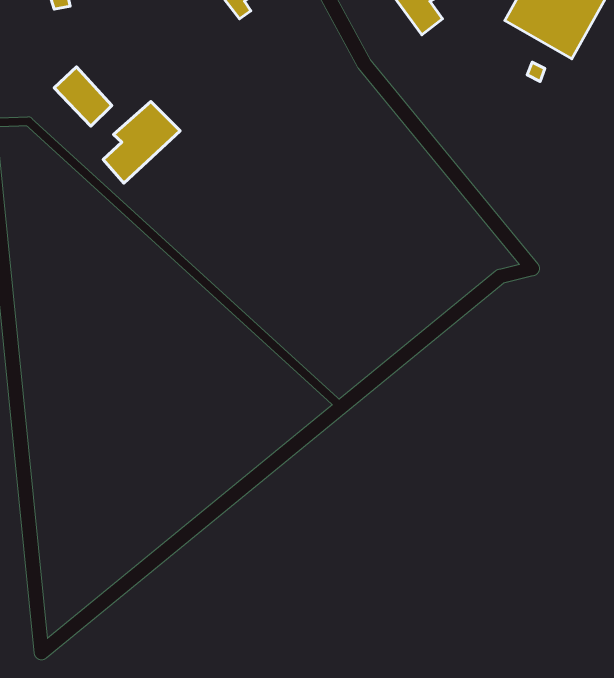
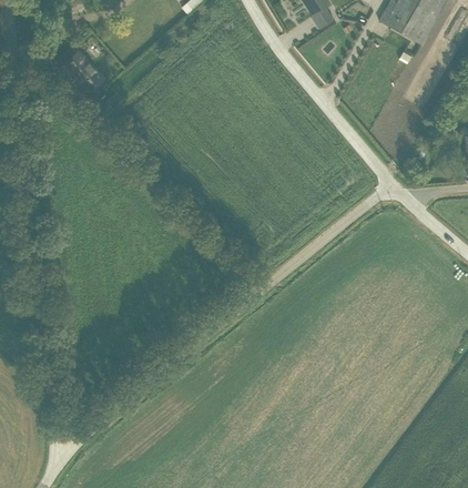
building: [103,102,180,183] -> none

